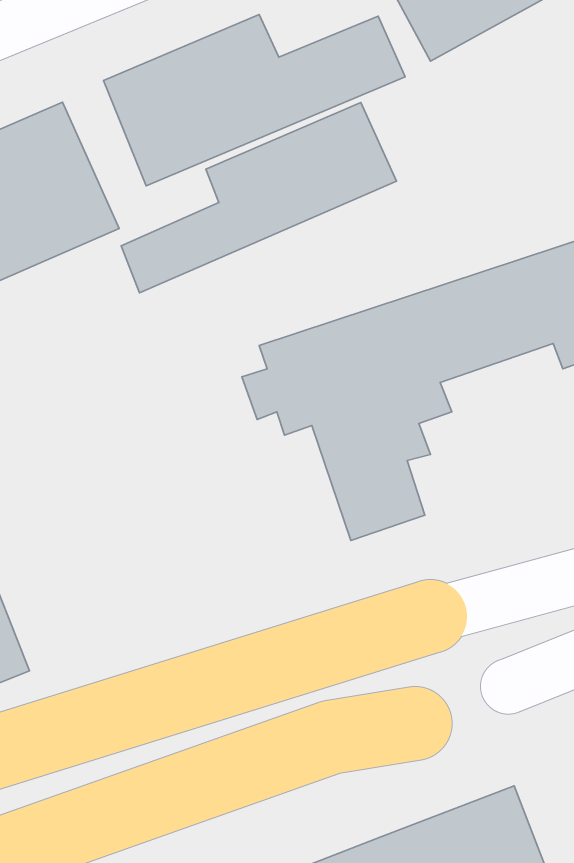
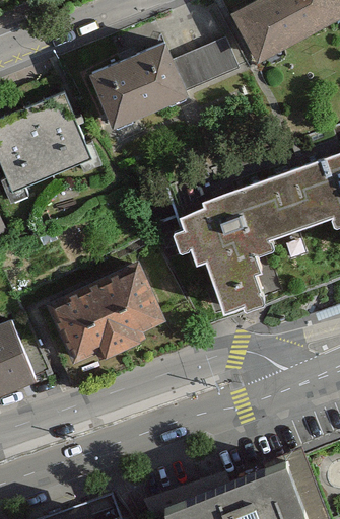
building: [121,102,396,293] -> none
building: none -> [44,257,166,363]

